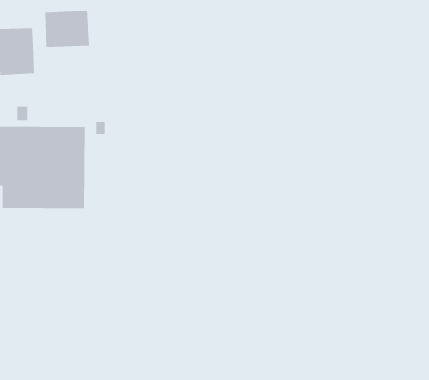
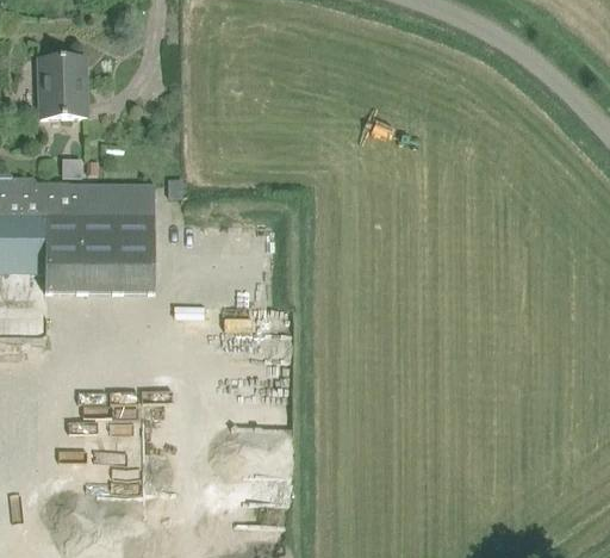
building: [45,10,90,48] -> none

